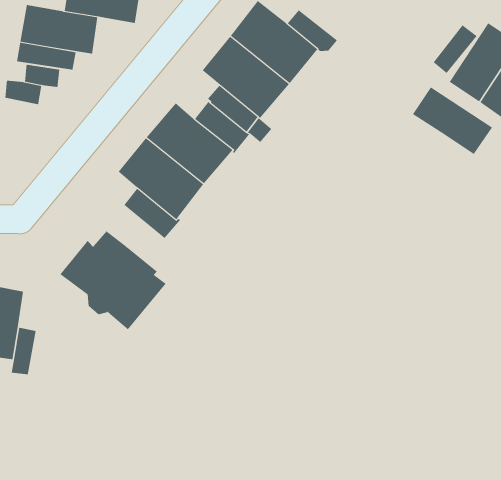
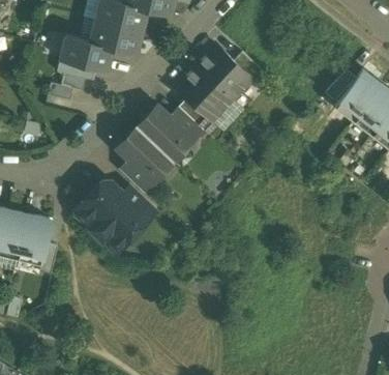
building: [412,87,493,155] -> none
building: none -> [120,184,155,221]

